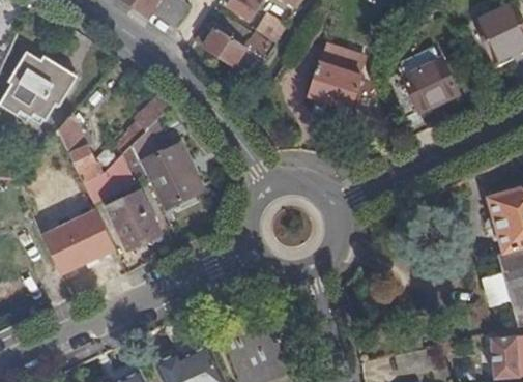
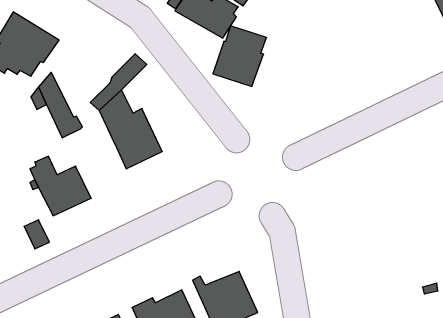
building: [309,46,366,110] -> [213,26,267,86]
building: [394,59,458,118] -> none
building: [83,153,136,202] -> none
building: [108,193,161,249] -> none

